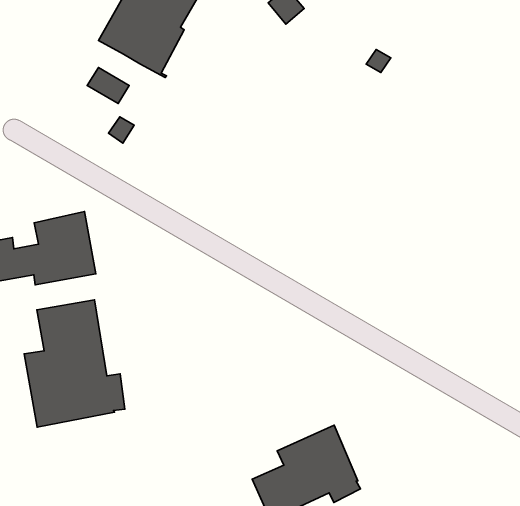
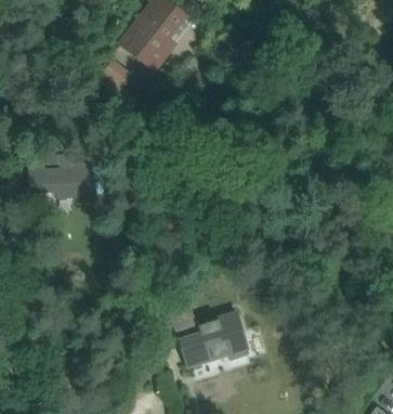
building: [24,300,125,427] -> none

